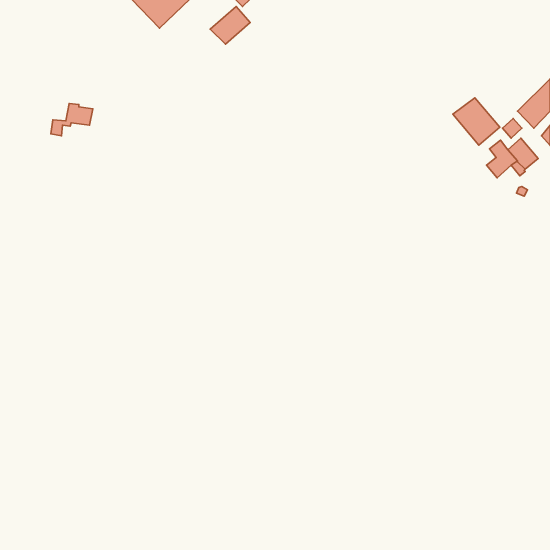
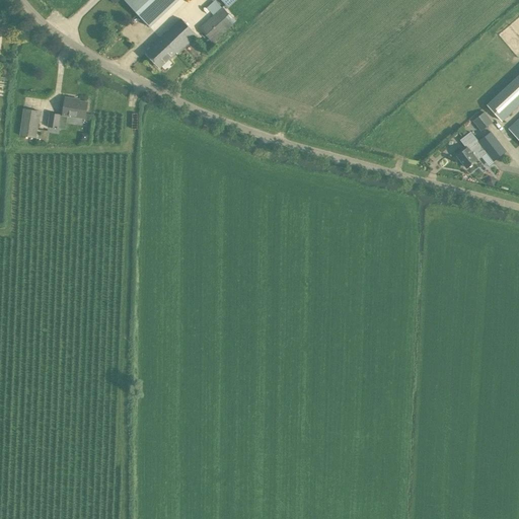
building: none -> [146,18,197,67]
building: [453,98,500,145] -> none
building: none -> [19,108,40,137]

